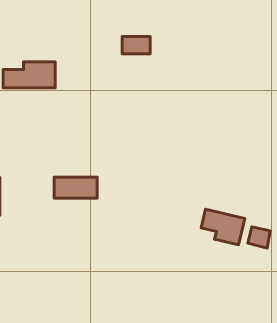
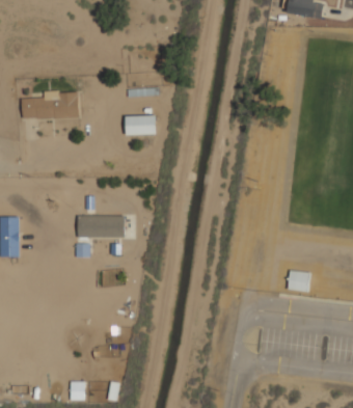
building: [122,36,150,54] -> [126,115,156,134]
building: [201,209,245,245] -> none

